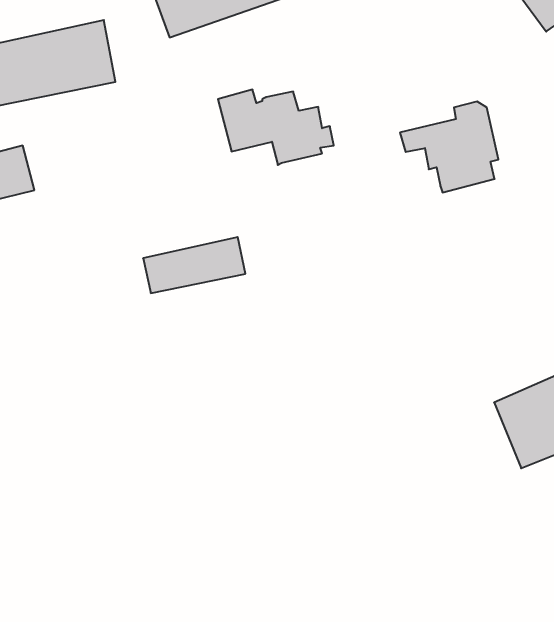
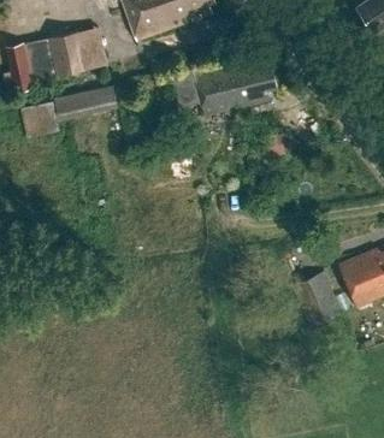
building: [400,102,498,192] -> [217,52,278,108]
building: [143,237,245,293] -> [53,85,117,120]
building: none -> [295,272,343,326]

